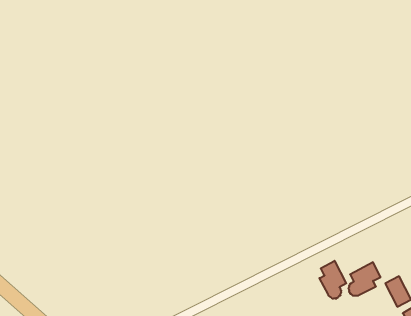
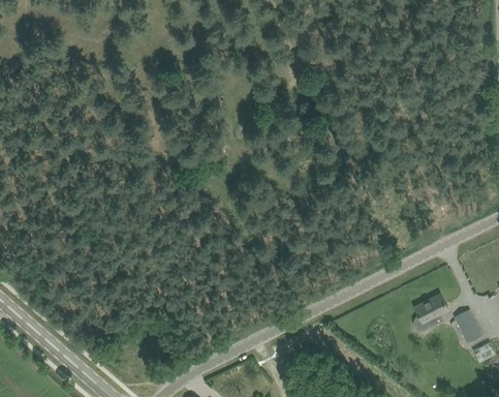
building: [319,261,346,299] -> none

